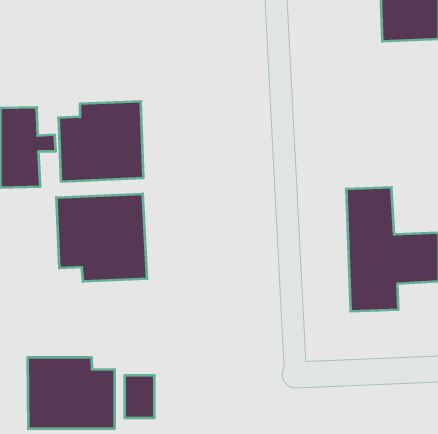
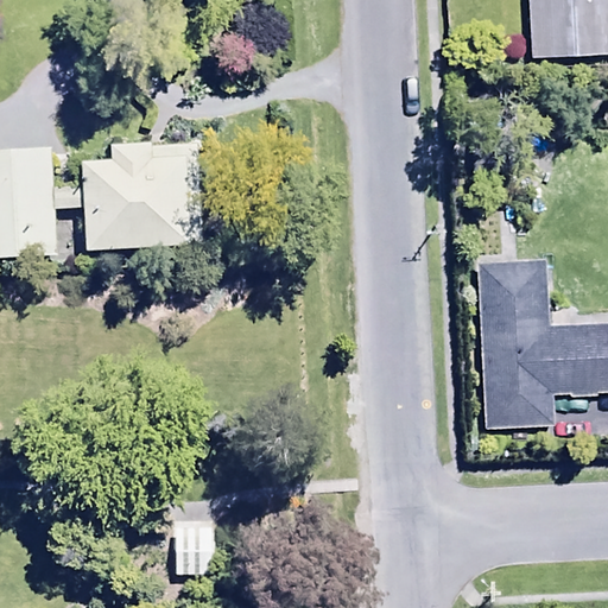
building: [56,194,147,282] -> none
building: [28,357,114,429] -> none

